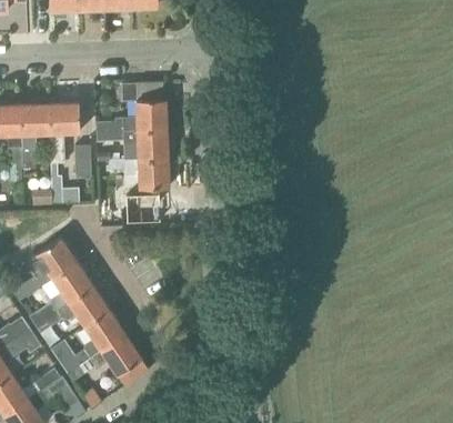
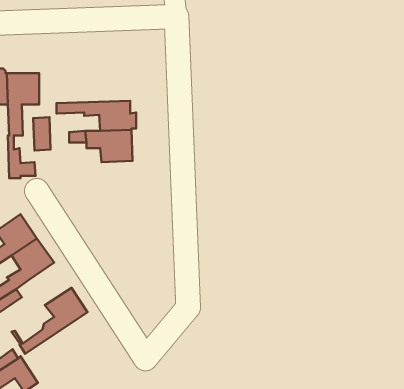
building: [94,100,167,132] -> none
building: [131,194,165,222] -> none
building: [69,285,110,326] -> none
building: [66,333,150,385] -> none

